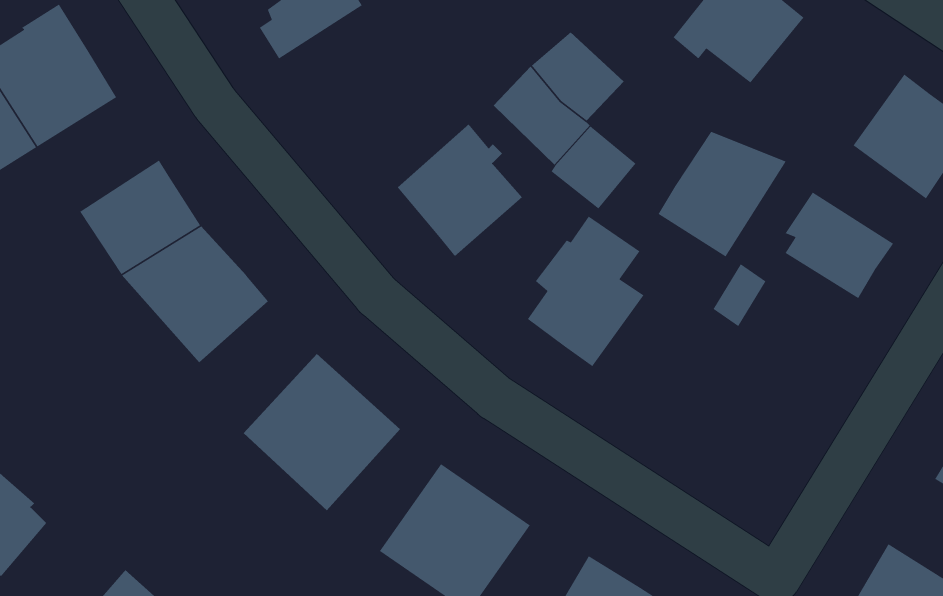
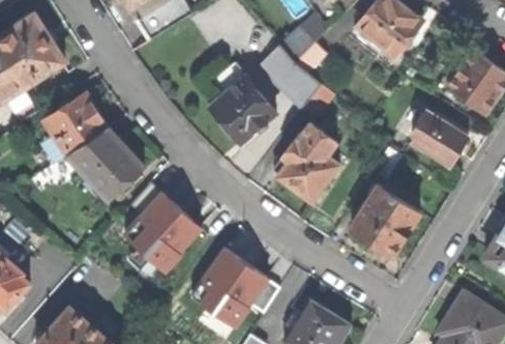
building: [657,131,787,258] -> none
building: none -> [349,185,418,255]

